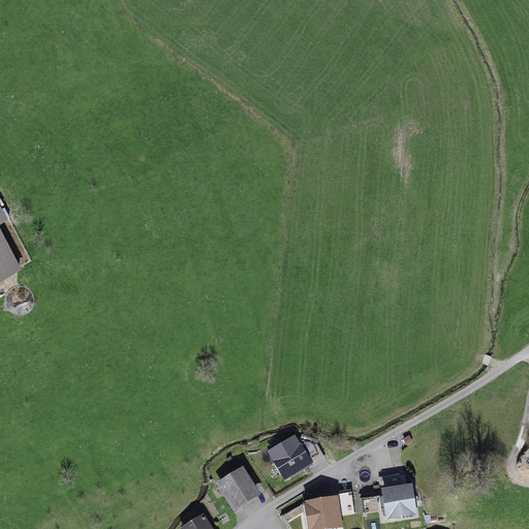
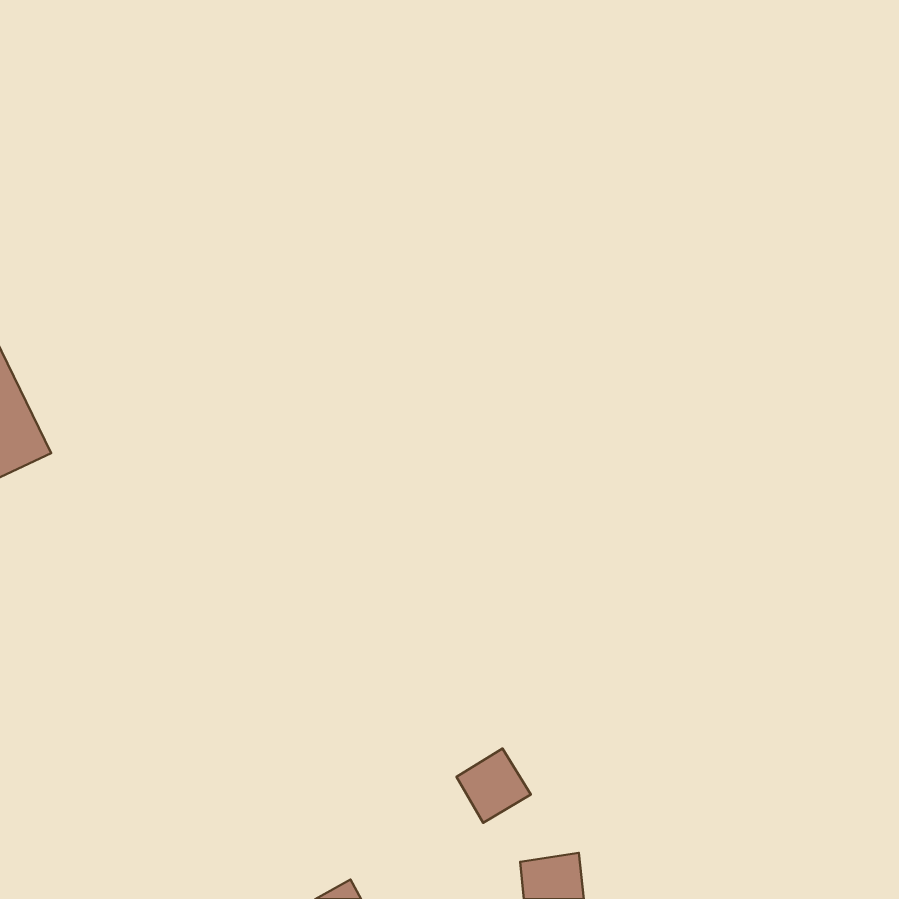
building: [215,468,257,510] -> none
building: [377,483,414,517] -> none

